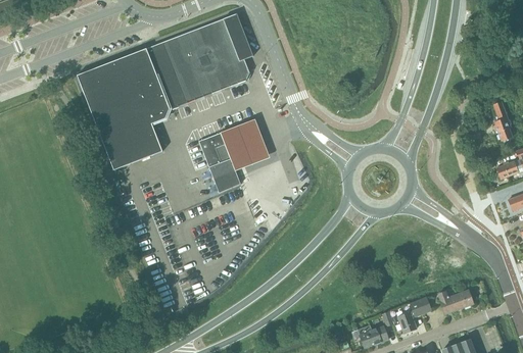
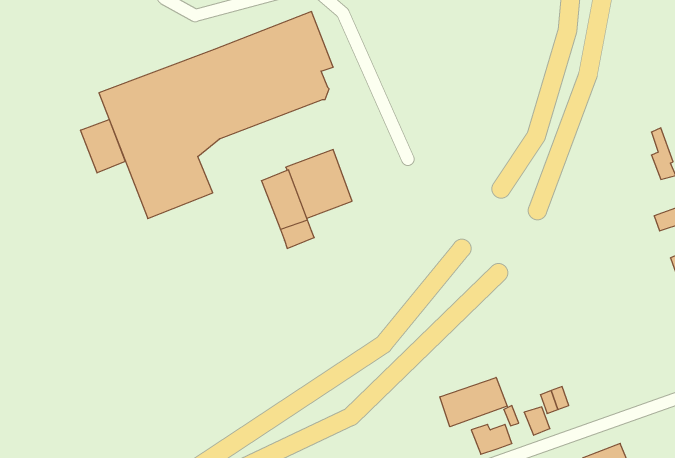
building: none -> [81,119,125,173]
building: [437,289,473,313] -> none
building: none -> [440,377,507,427]

